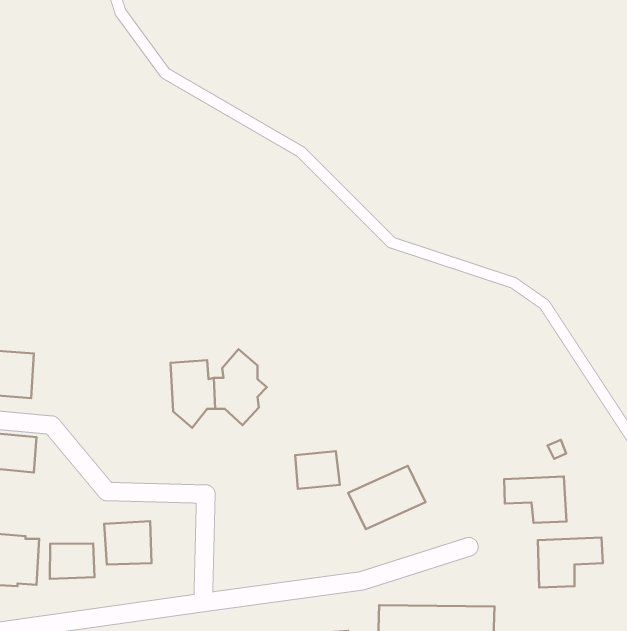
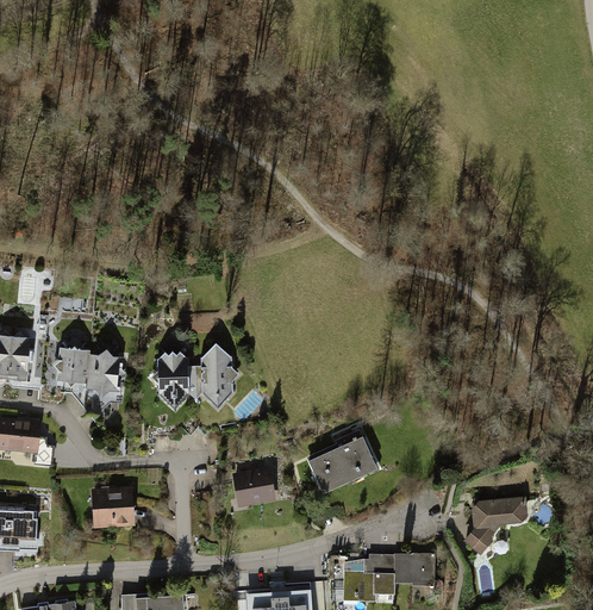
building: none -> [57,349,121,392]
building: [295,451,340,489] -> [236,471,275,504]
building: [504,476,566,523] -> none
building: [50,543,94,579] -> none

